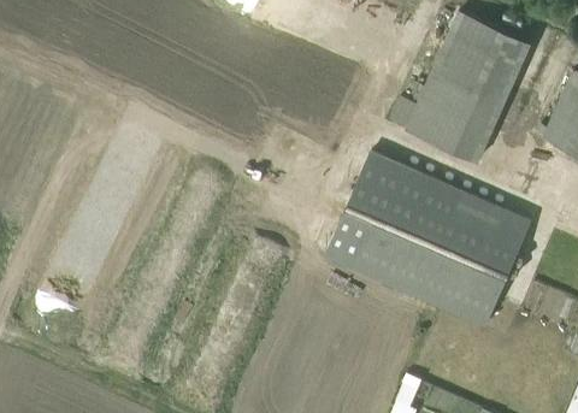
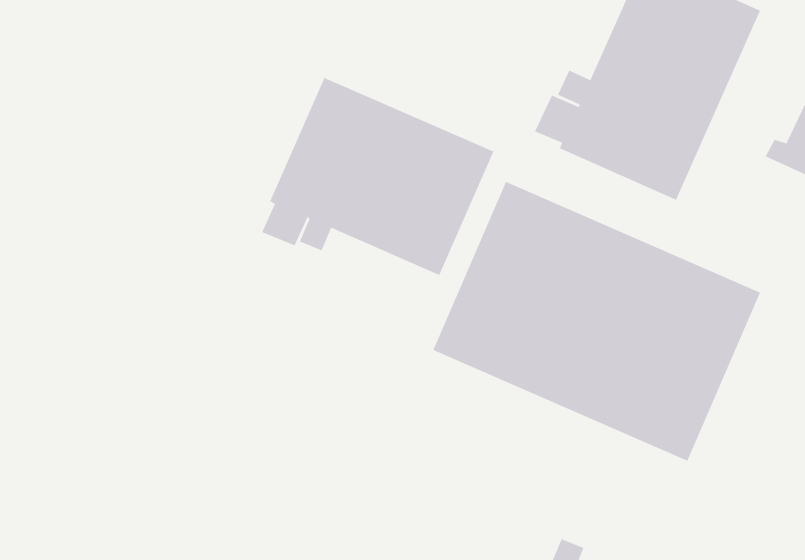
building: none -> [262,77,494,276]

